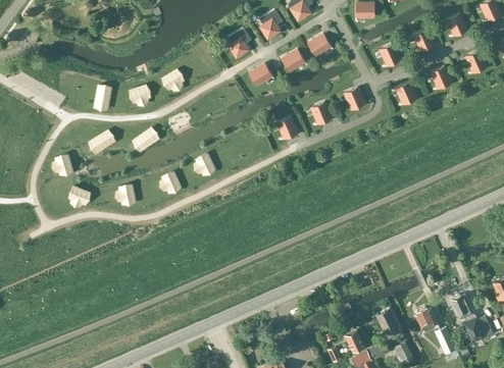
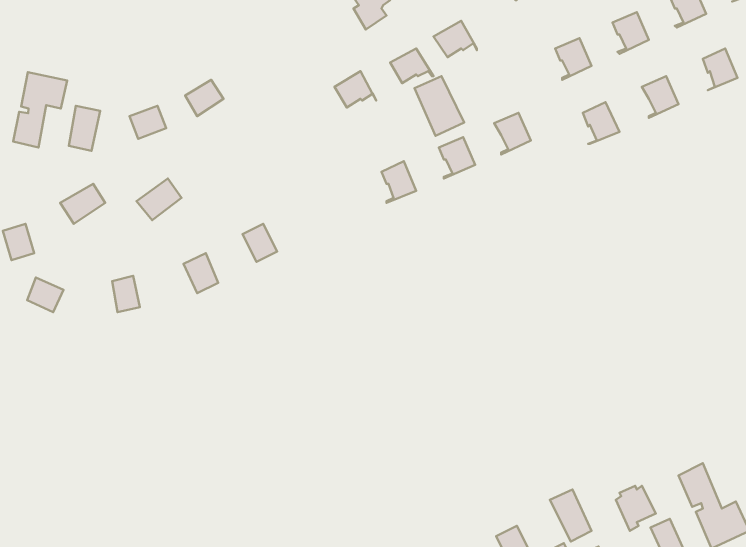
building: [228,28,251,57] -> none
building: none -> [13,72,67,148]
building: none -> [415,76,464,136]

